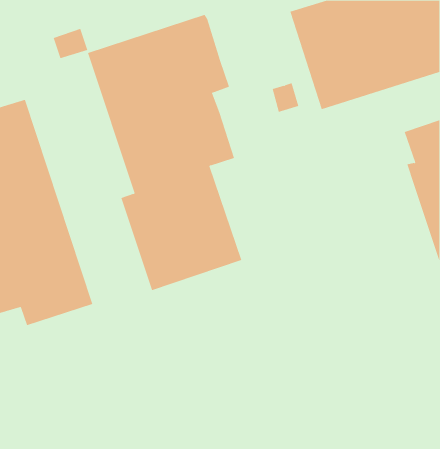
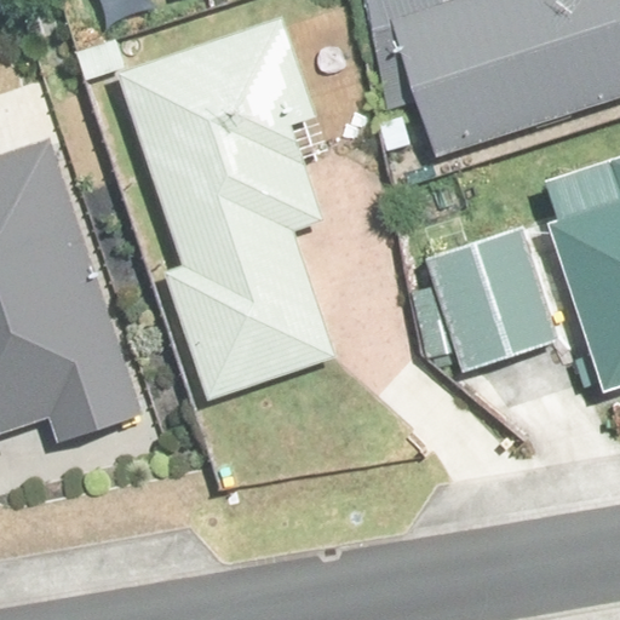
building: none -> [409,228,561,372]

